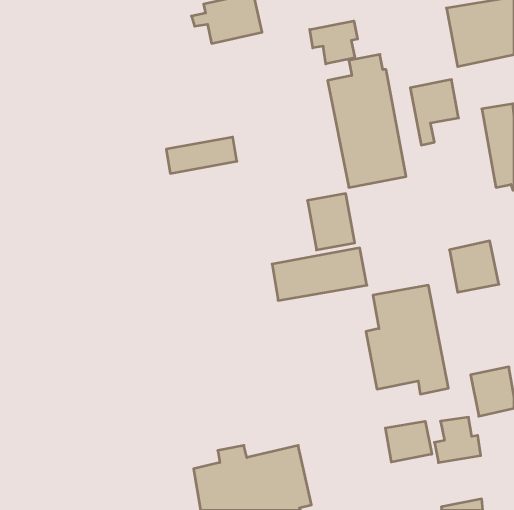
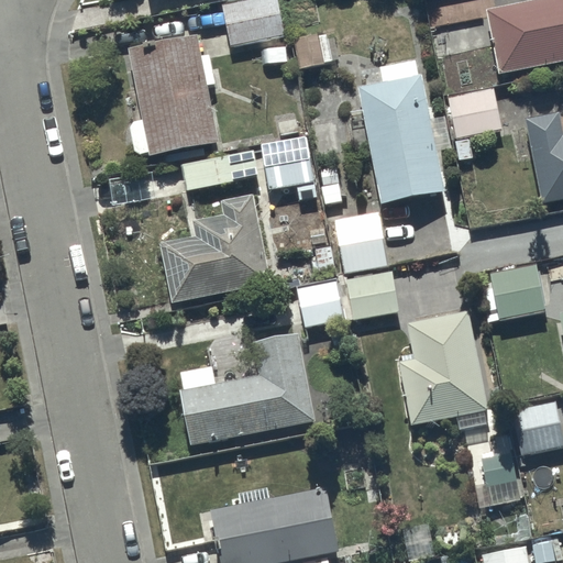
building: [310,21,358,64] -> none
building: none -> [126,36,219,156]
building: none -> [261,136,317,198]
building: none -> [159,195,271,302]
building: none -> [179,333,314,444]
building: [385,421,432,462] -> none

